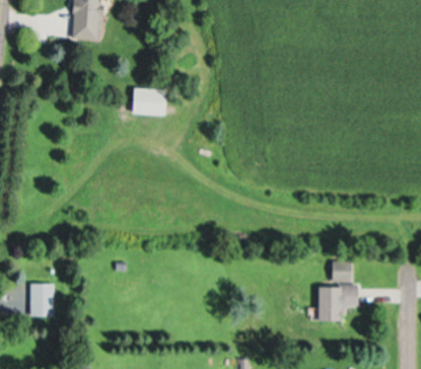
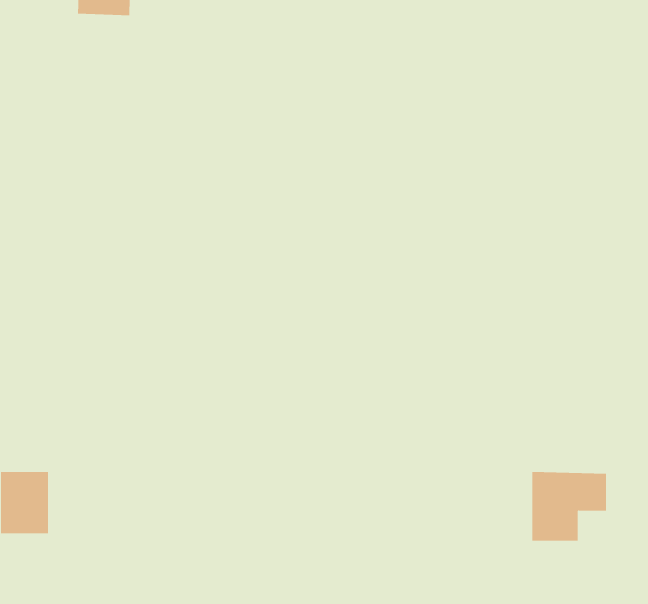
building: [133,91,160,115] -> none
building: [332,261,355,282] -> none

